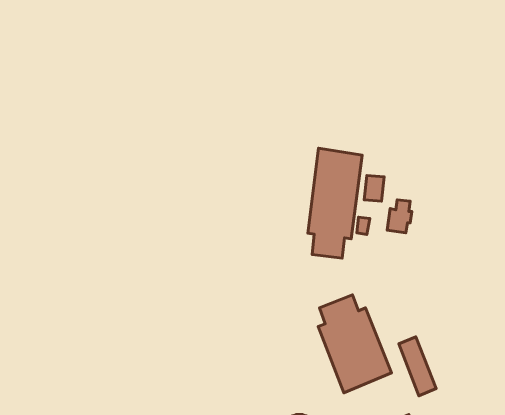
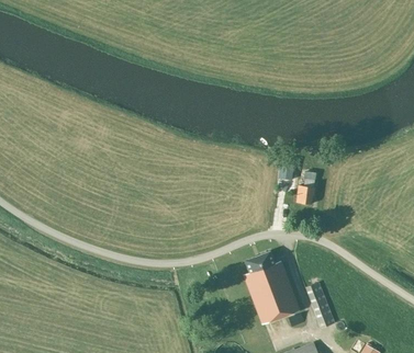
building: [308,148,362,258] -> none

